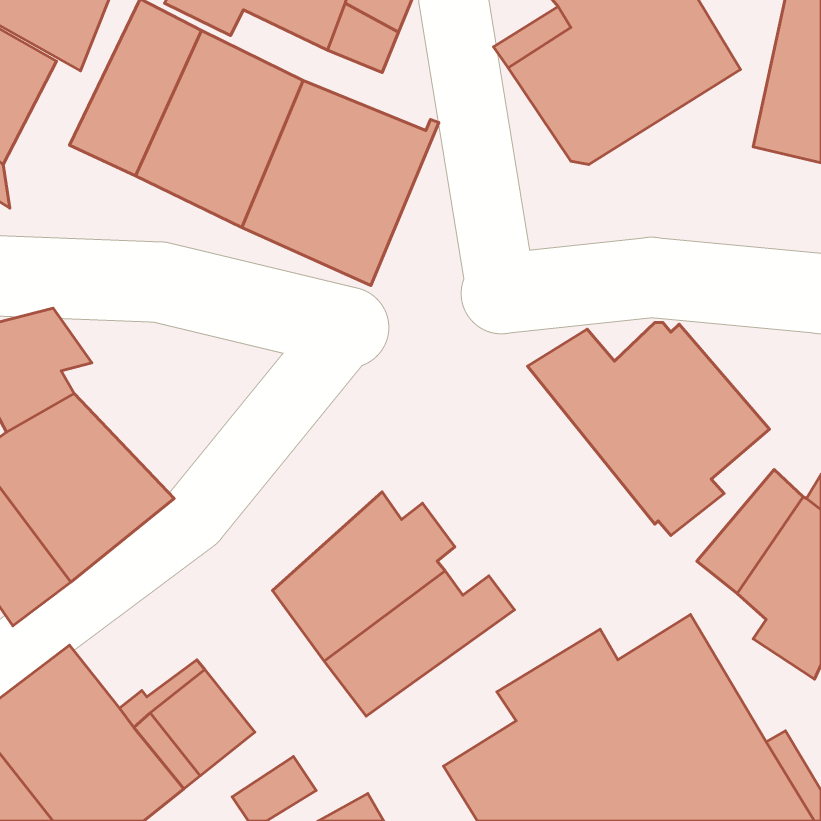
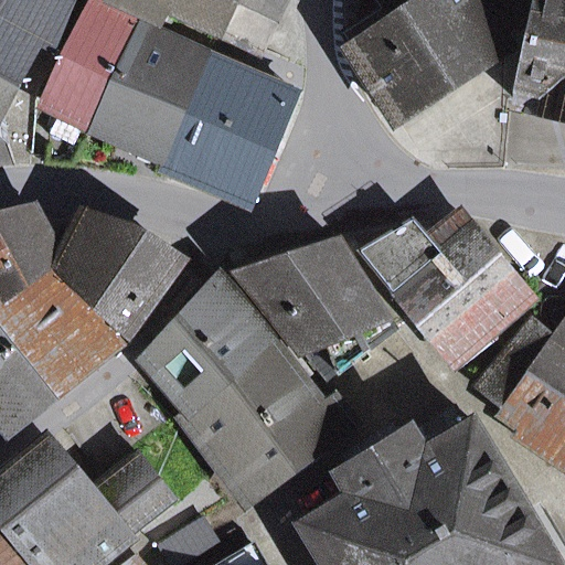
building: none -> [57,220,180,335]
building: none -> [245,248,393,379]
building: none -> [146,276,264,404]

